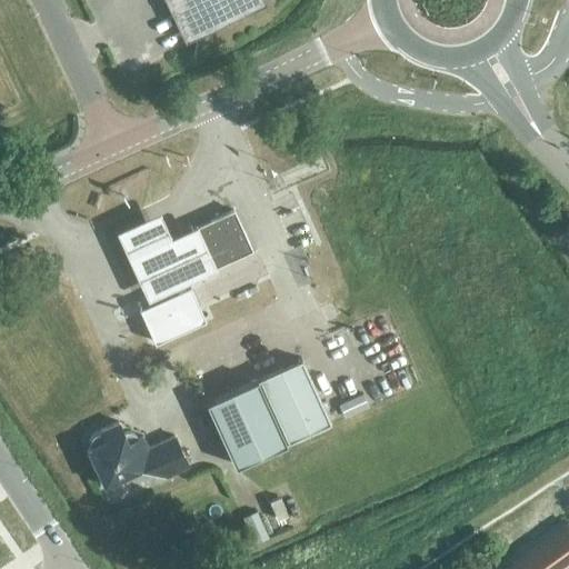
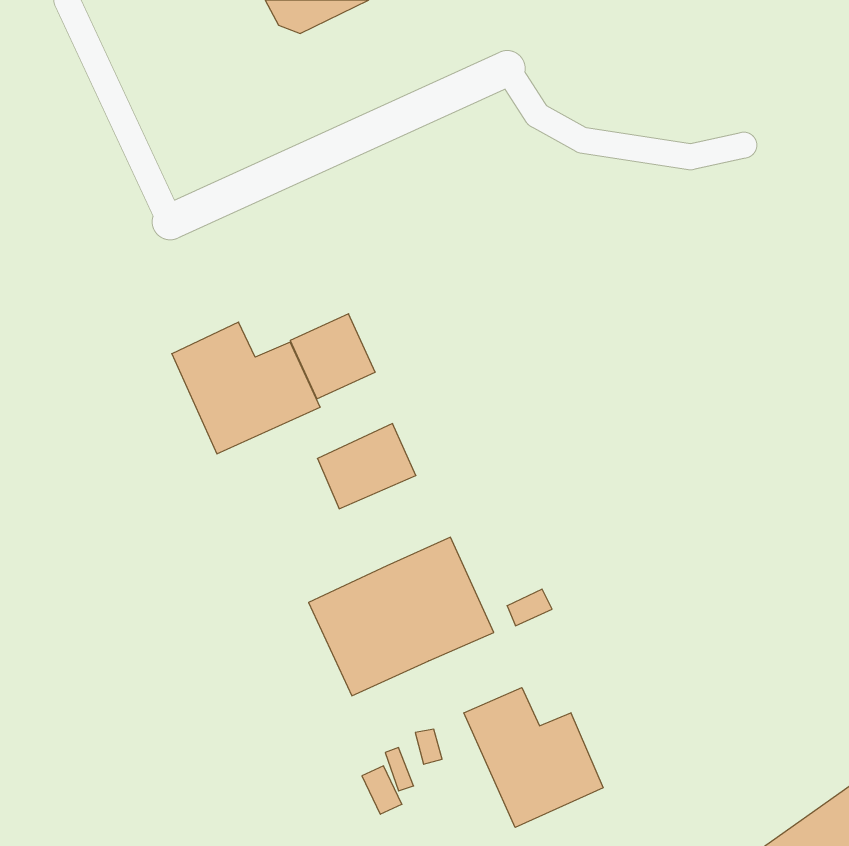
building: [141,289,207,346] -> [317,424,416,509]
building: [89,426,190,488] -> none
building: none -> [464,688,603,827]

